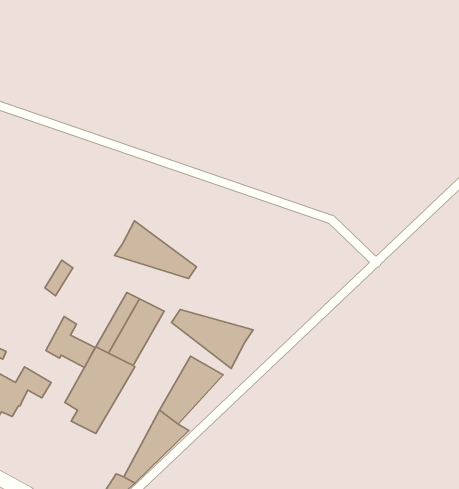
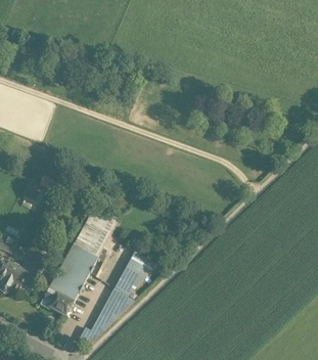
building: [115,221,196,278] -> none
building: [172,310,253,368] -> none
building: [46,316,95,368] -> [40,280,73,314]

